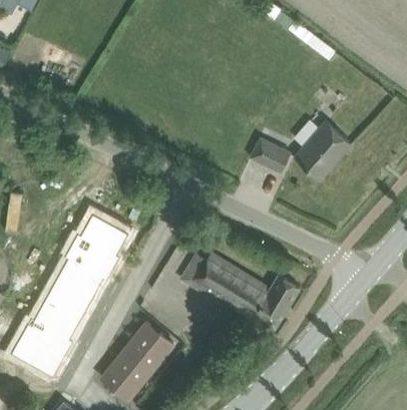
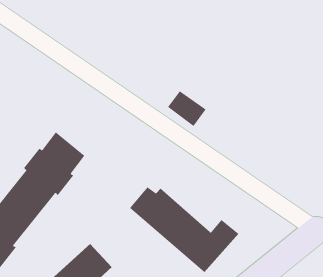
building: [294,120,351,179] -> none
building: [250,137,291,172] -> [167,90,206,127]

